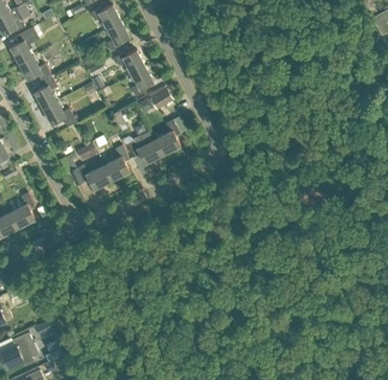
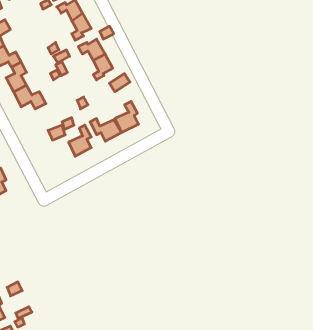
building: [68,165,111,189] -> none

